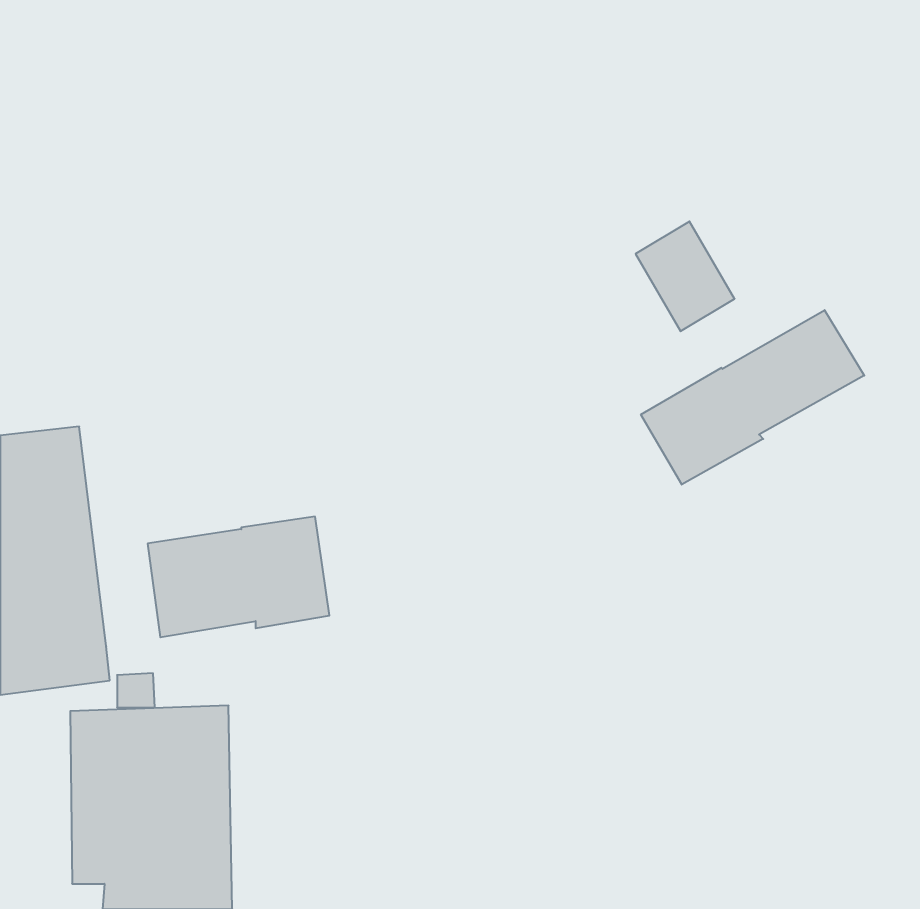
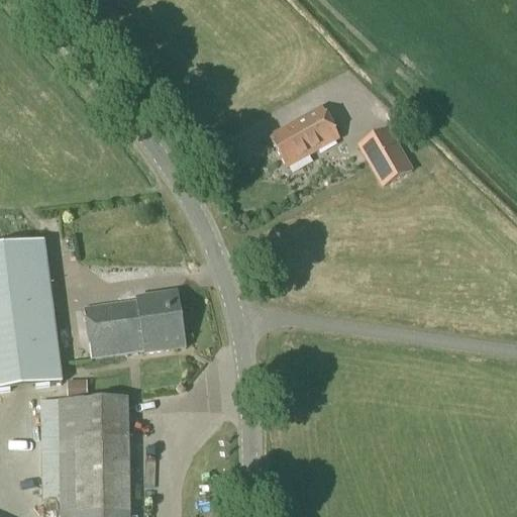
building: none -> [269,105,337,166]
building: [641,310,864,485] -> none

